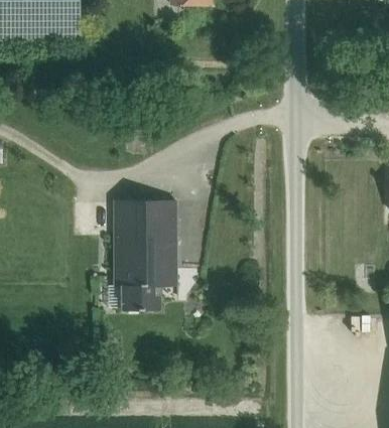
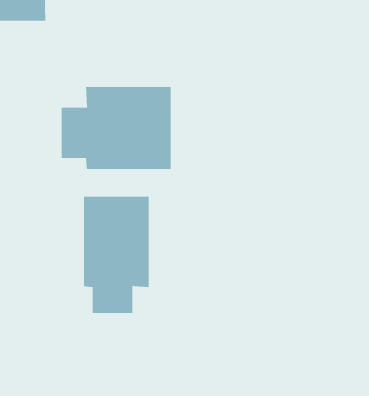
building: none -> [61,86,171,170]

